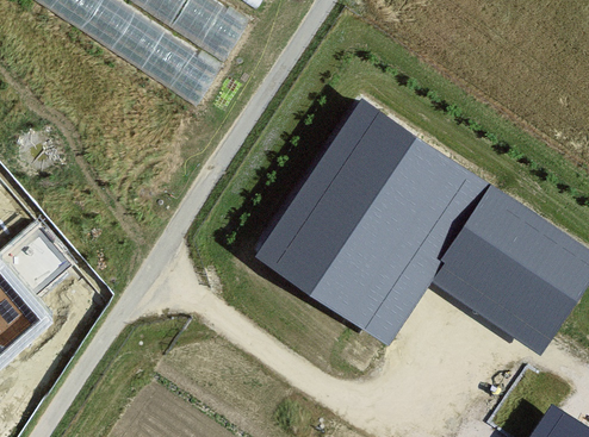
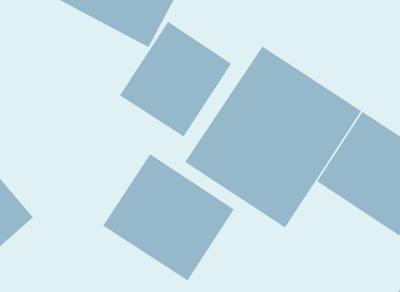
building: none -> [119,21,232,138]
building: none -> [102,153,235,281]

